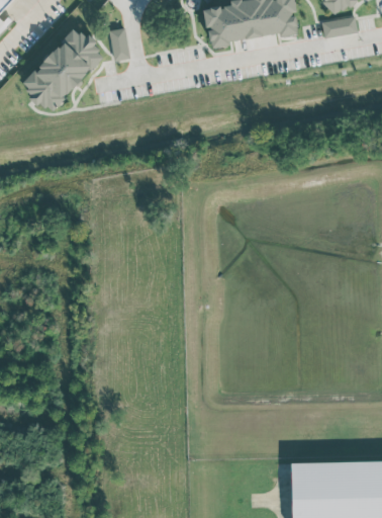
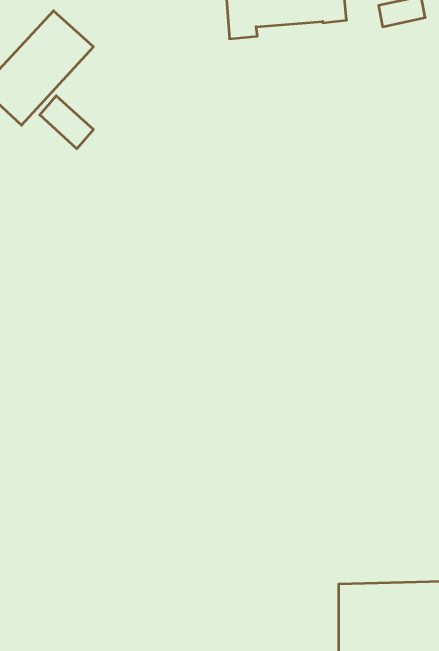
building: [108,26,130,61] -> none
building: none -> [40,96,93,149]

